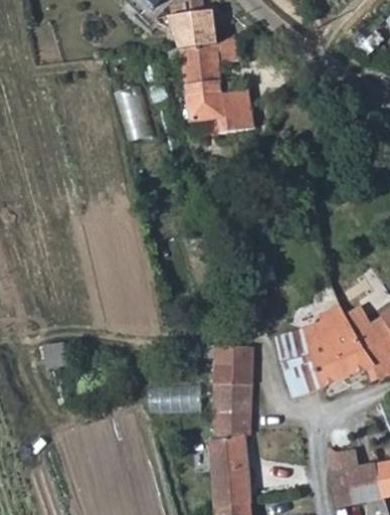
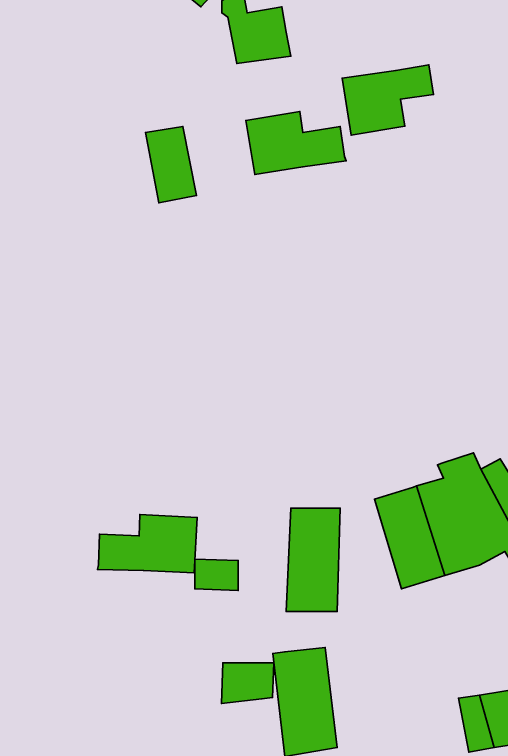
building: [182,35,243,82] -> [342,65,433,135]
building: none -> [97,514,197,573]
building: [214,412,249,440] -> [221,663,274,703]

